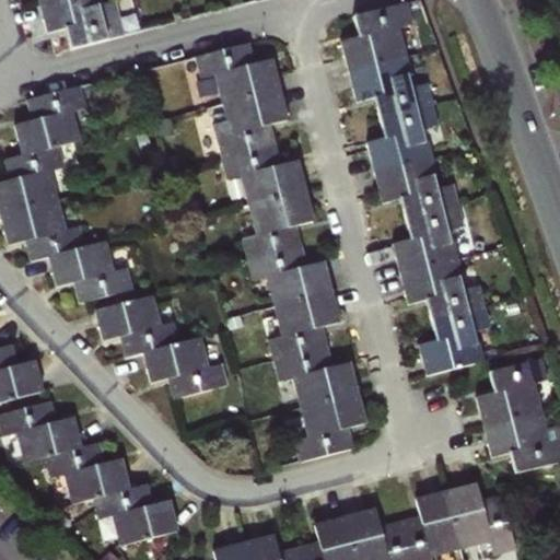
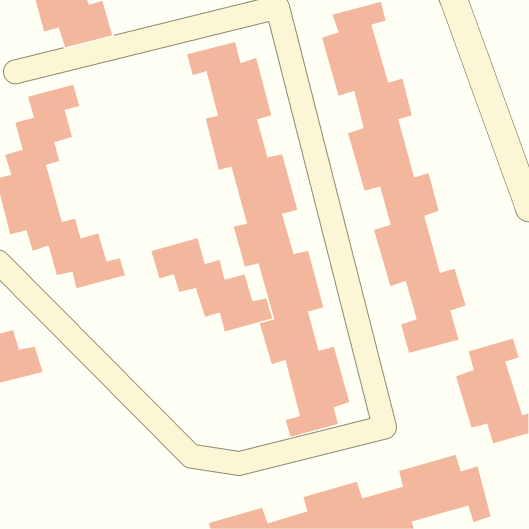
building: [101,302,230,401] -> [150,237,273,332]
building: [4,405,182,547] -> none

